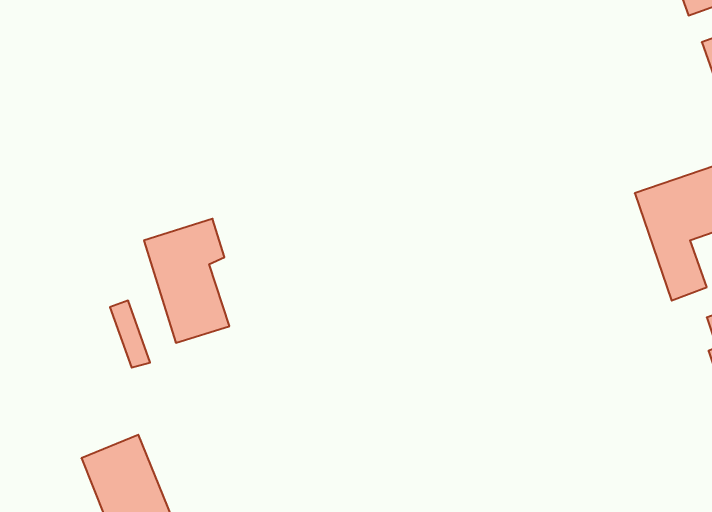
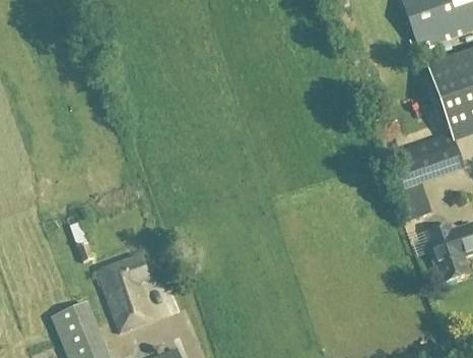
building: [144,219,229,343] -> [99,256,151,332]

